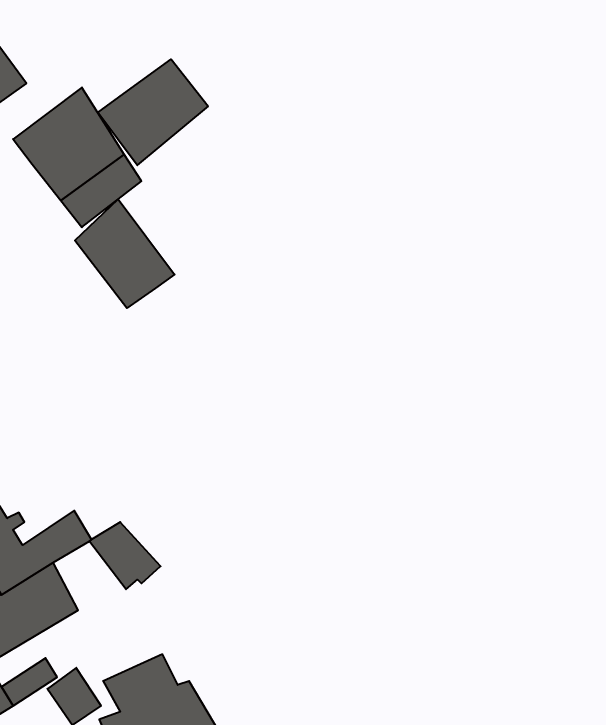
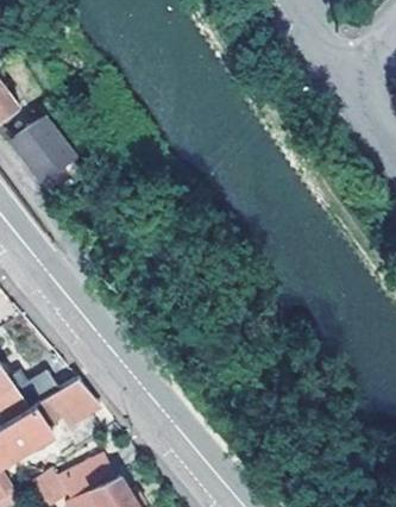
building: [98,59,208,165] -> none
building: [75,199,175,308] -> none

